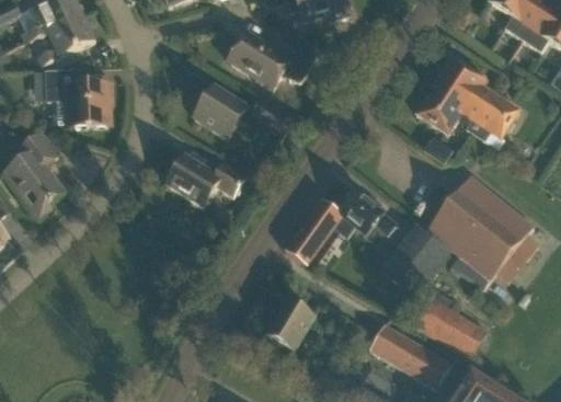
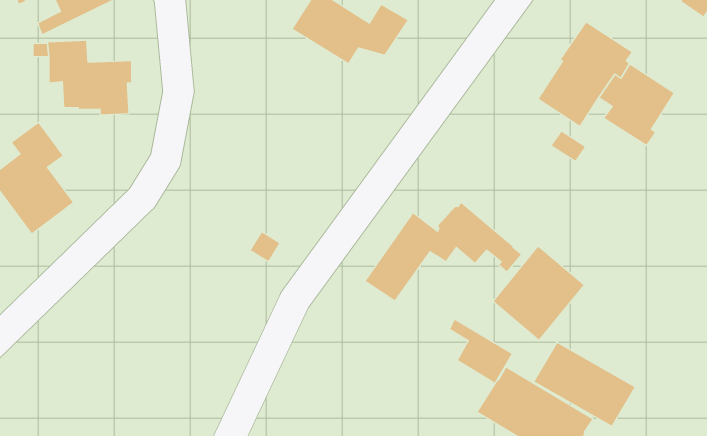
building: [193,85,284,138] -> none
building: [164,153,244,207] -> none
building: [427,174,537,287] -> none
building: none -> [449,319,512,384]
building: [265,299,312,348] -> none

